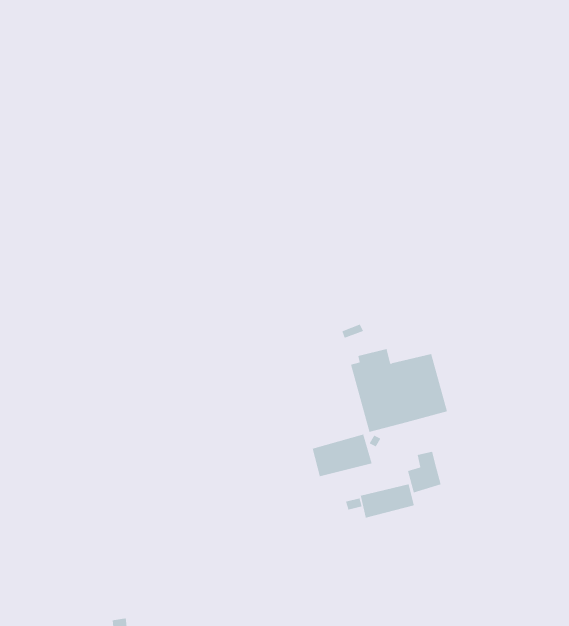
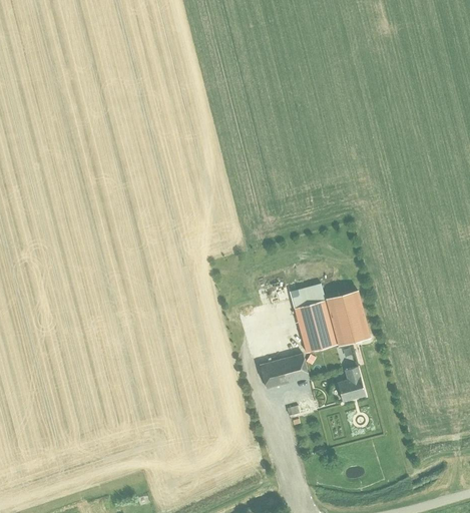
building: [360,484,415,519] -> none

